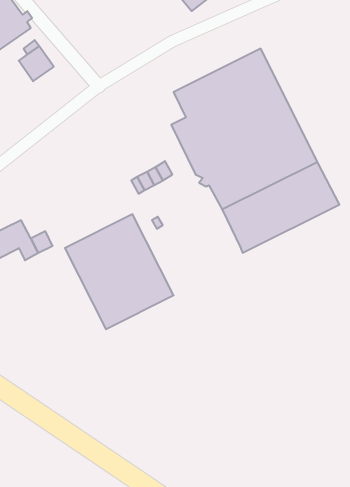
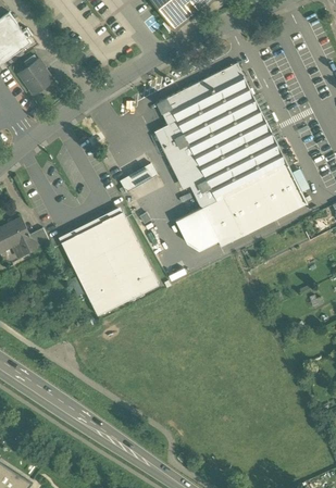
building: none -> [174,208,217,251]

